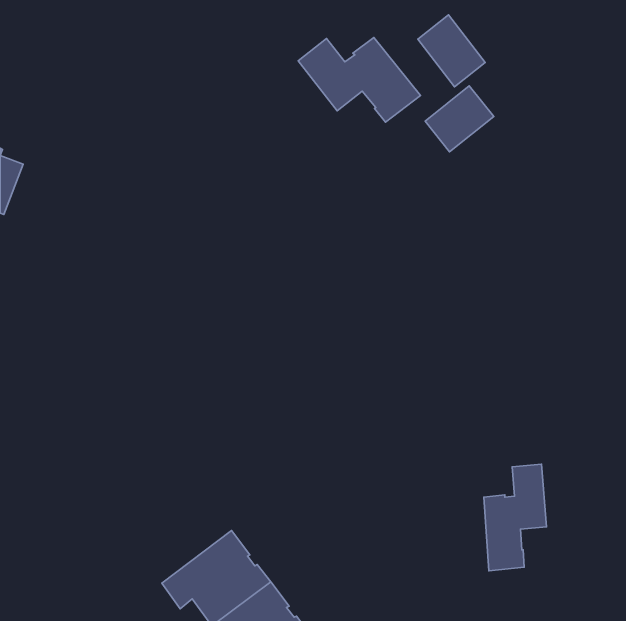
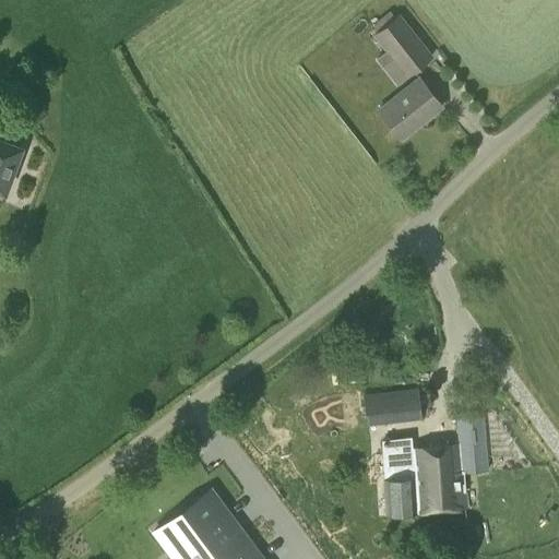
building: [298,38,420,122] -> none
building: none -> [364,392,420,428]
building: none -> [381,441,436,515]

